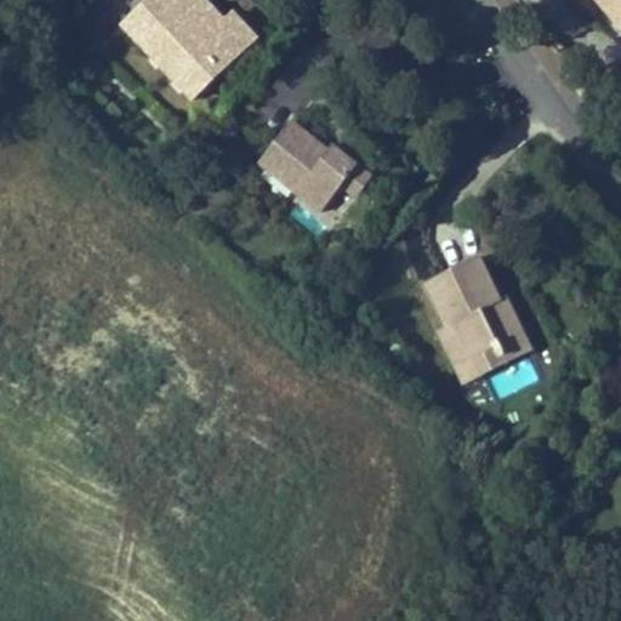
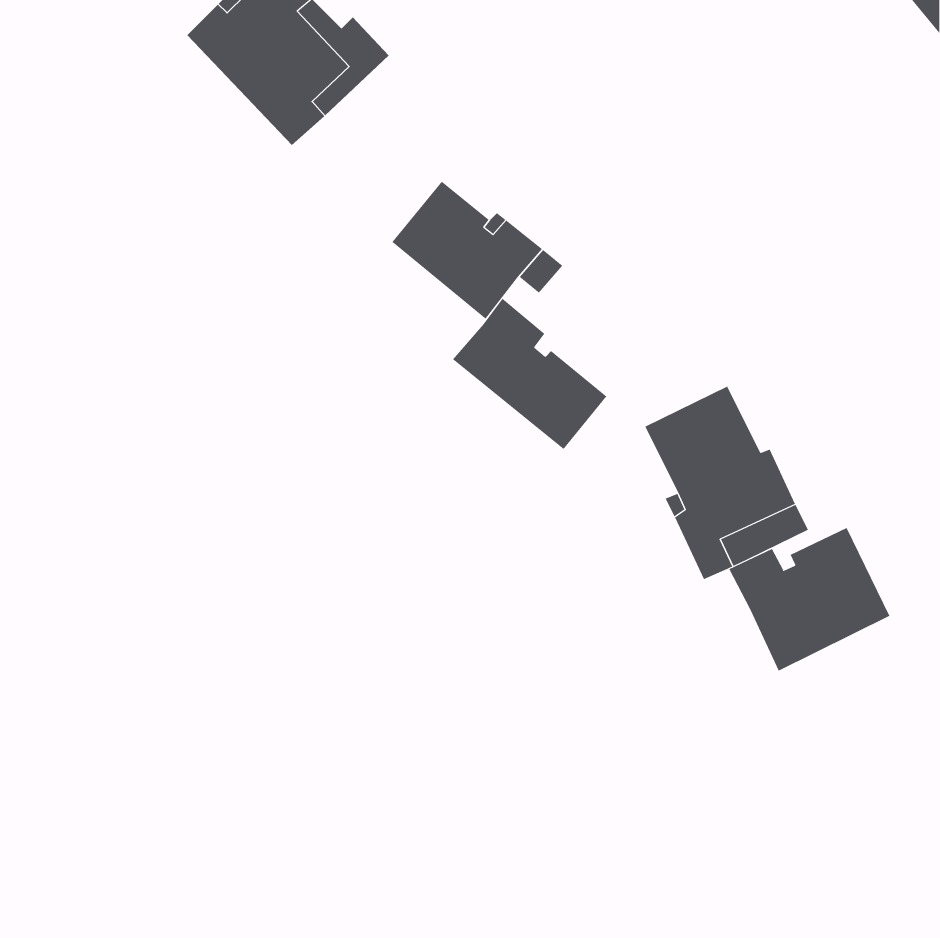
building: none -> [452,298,607,450]
building: none -> [729,527,890,671]

